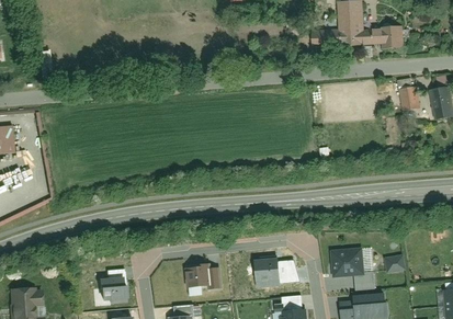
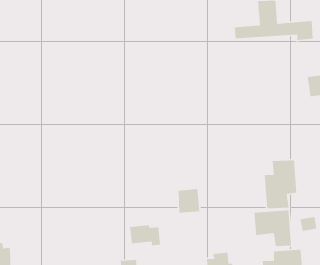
building: none -> [264,159,297,209]
building: [256,258,282,287] -> [178,188,200,214]
building: [102,270,128,304] -> none

